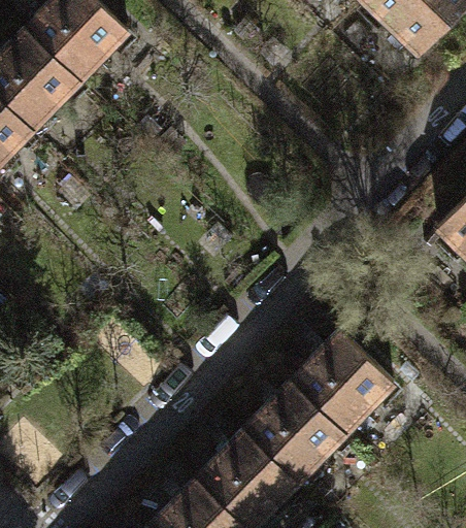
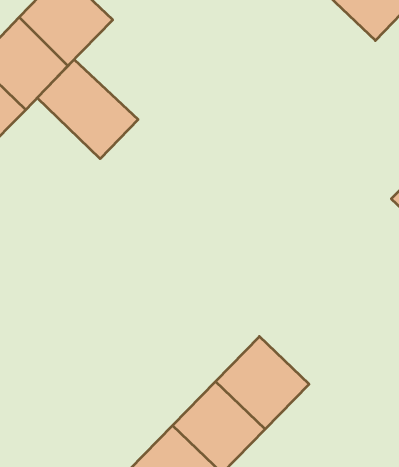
building: none -> [37,60,138,159]
building: [292,329,395,432] -> none

